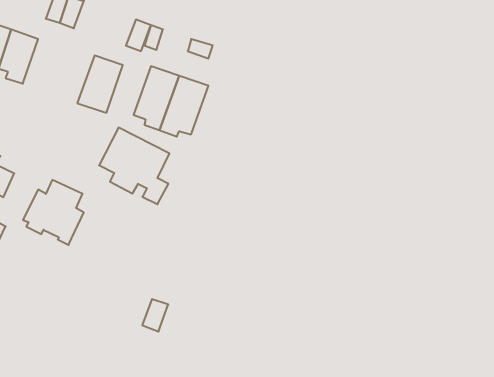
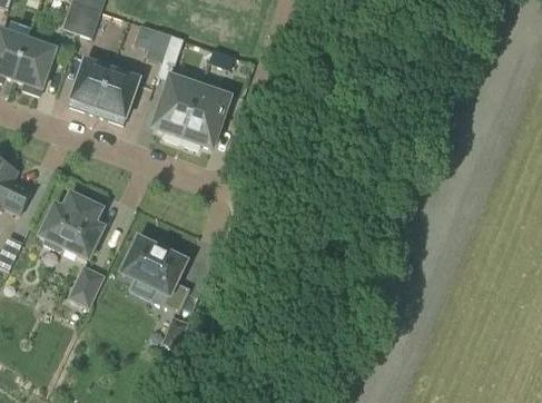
building: none -> [66,55,112,114]
building: [99,127,169,204] -> [116,232,188,311]
building: none -> [66,263,104,306]

